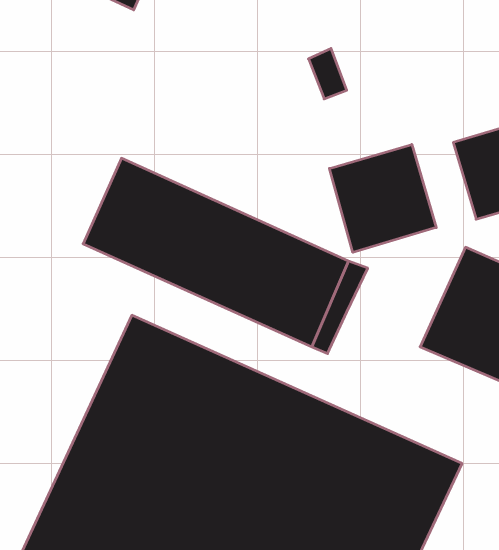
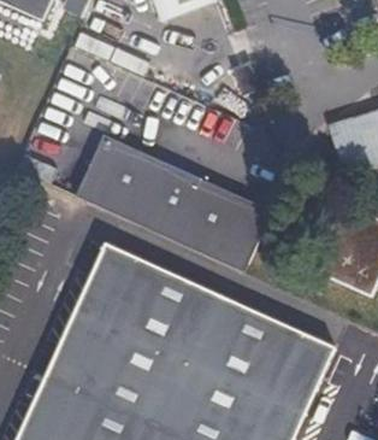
building: [329,144,436,252] -> none

